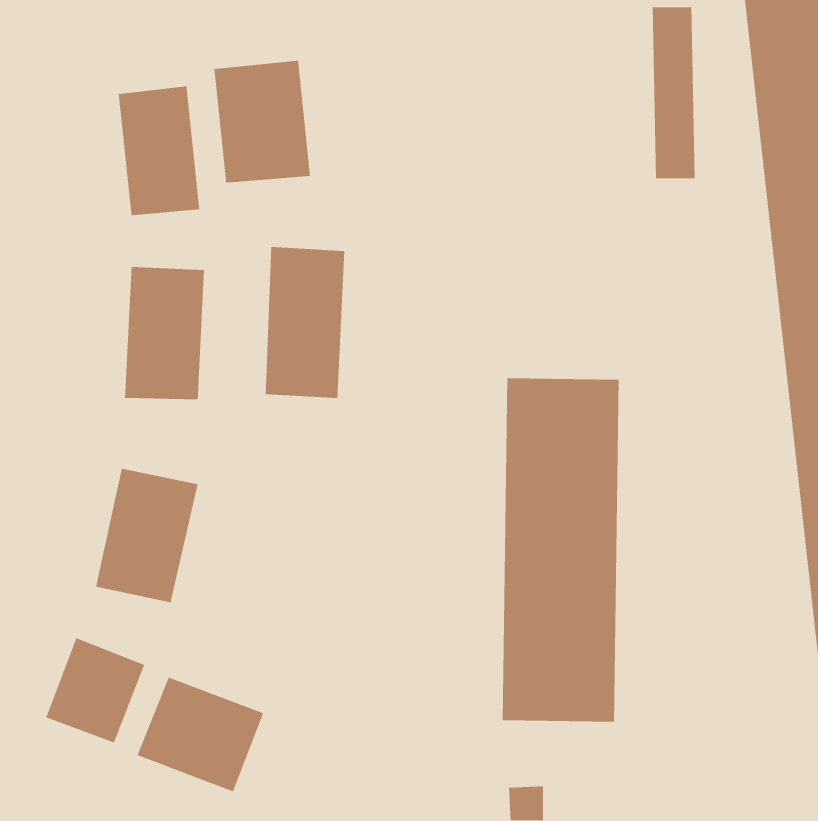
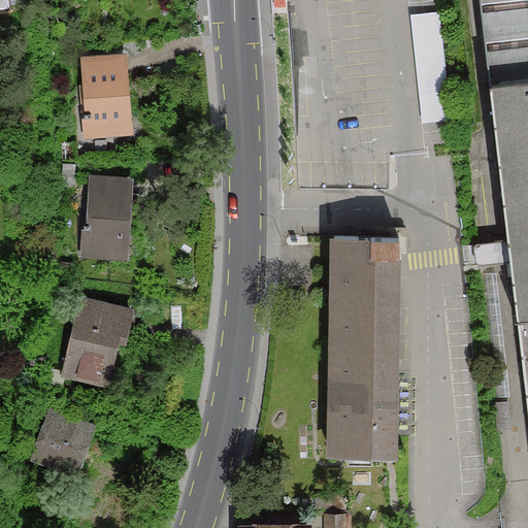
building: [213,60,311,184] -> none
building: [265,246,345,399] -> none
building: [136,676,264,793] -> none

